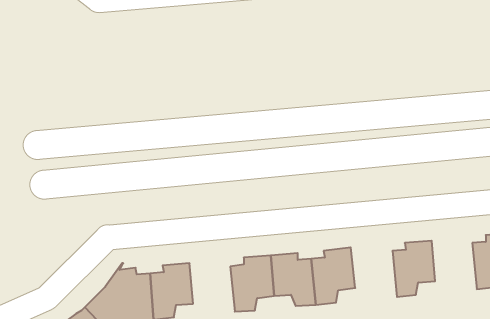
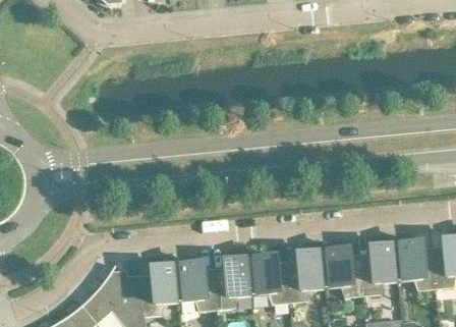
building: none -> [395,240,436,289]
building: none -> [322,248,363,295]
building: none -> [176,262,217,310]

